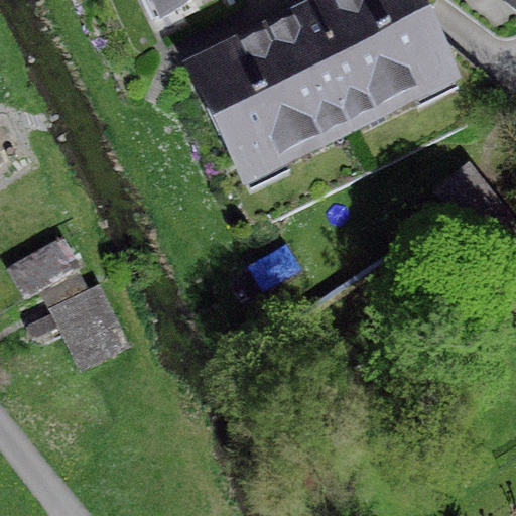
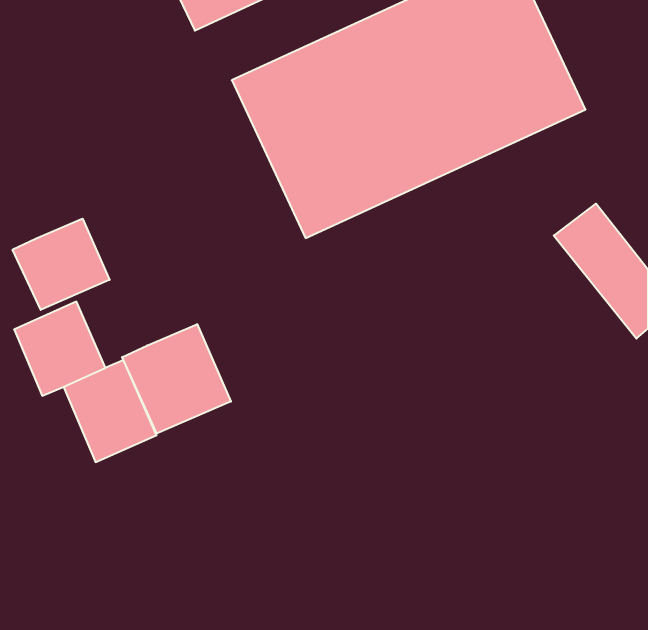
building: none -> [13,219,110,310]
building: none -> [122,324,231,433]

